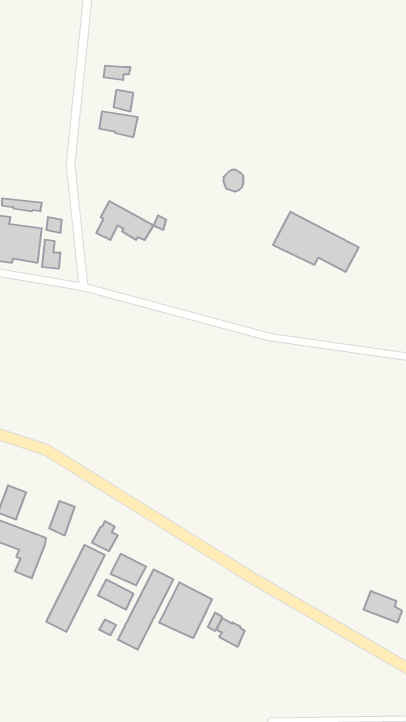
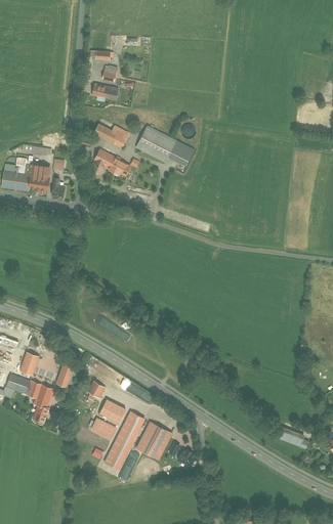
building: none -> [91,122,129,147]
building: [273,212,359,272] -> [134,124,196,167]
building: [46,545,105,632] -> none

